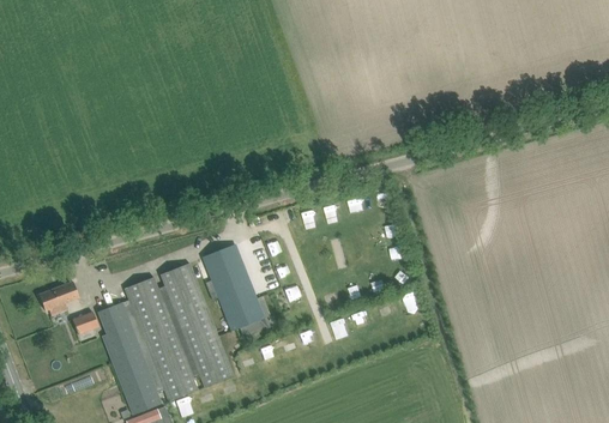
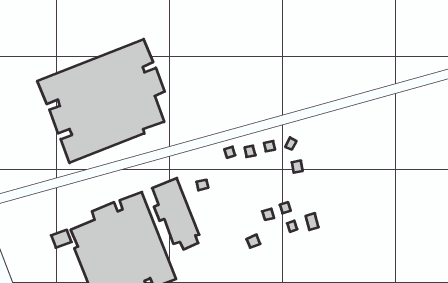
building: none -> [37,39,165,163]
building: [38,280,79,315] -> none

